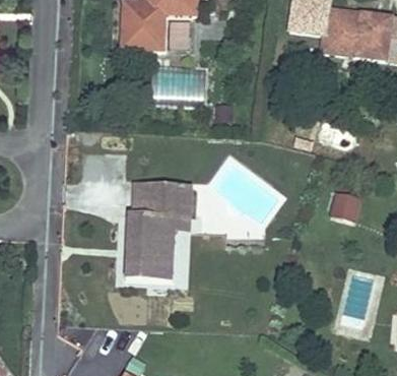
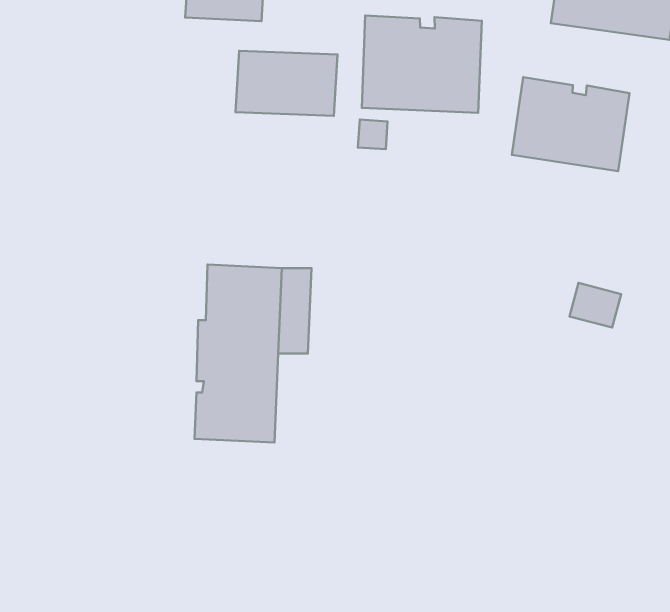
building: none -> [362,15,482,113]
building: none -> [512,77,630,171]

